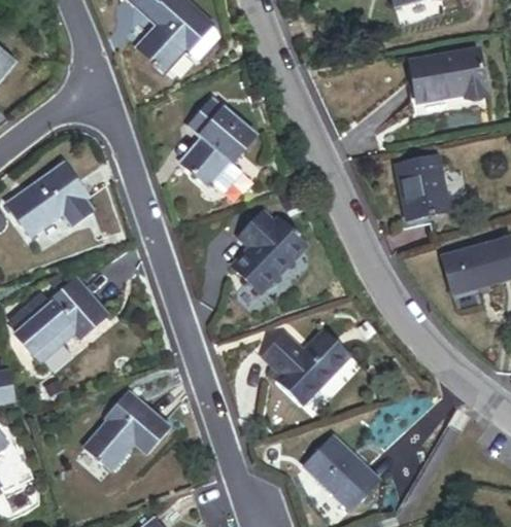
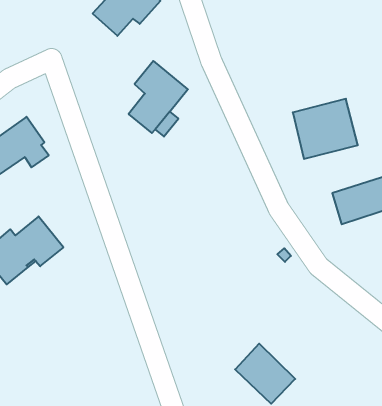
building: [393,49,471,107] -> none
building: [238,209,313,290] -> none
building: [269,329,356,403] -> none
building: [86,399,162,471] -> none

